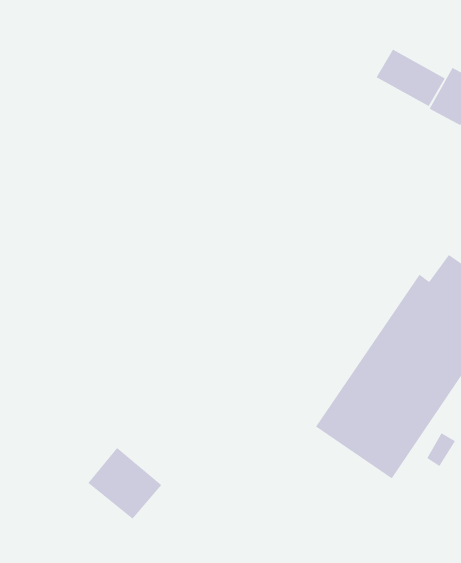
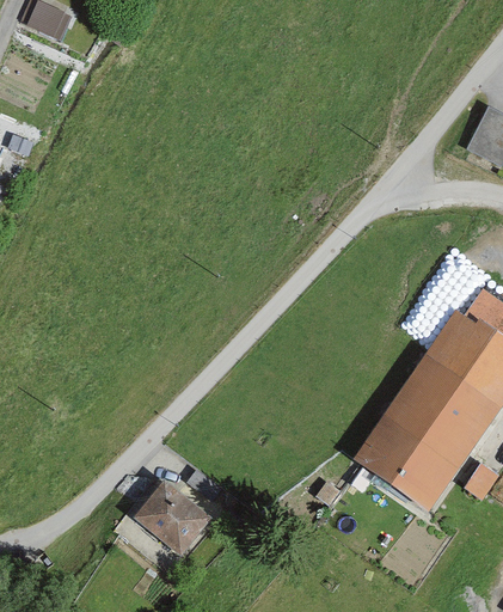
building: [376,49,446,107] -> none

